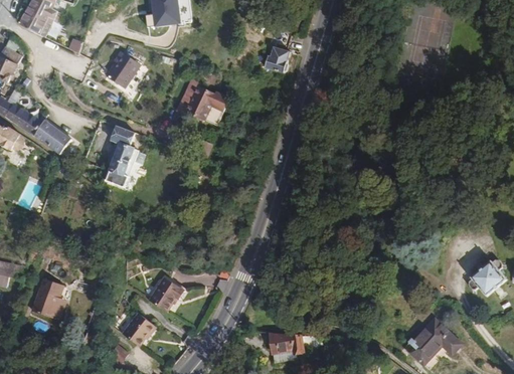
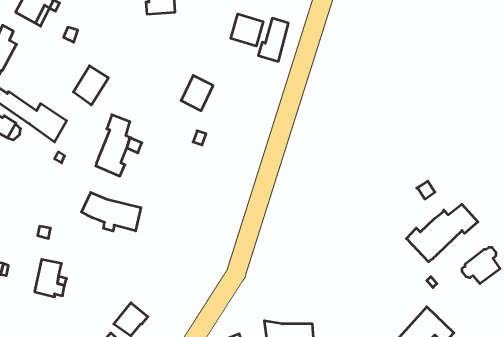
building: none -> [231,14,263,46]
building: [107,50,142,89] -> [73,66,108,105]
building: none -> [81,192,141,231]
building: none -> [406,204,478,262]
building: [146,277,182,312] -> none

